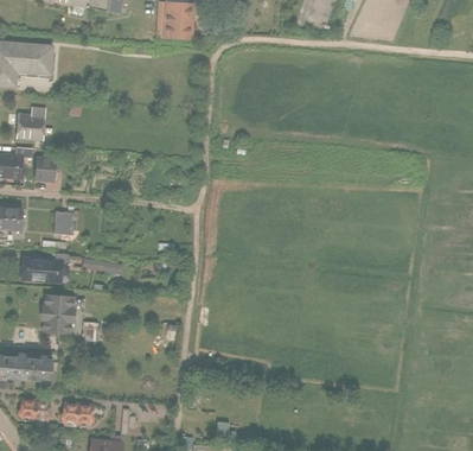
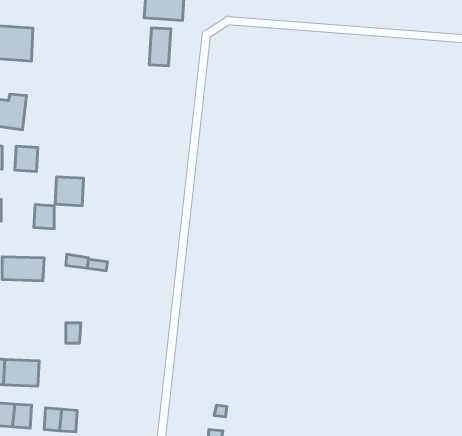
building: none -> [149,28,171,66]
building: none -> [55,177,84,206]
building: [38,292,72,332] -> none

